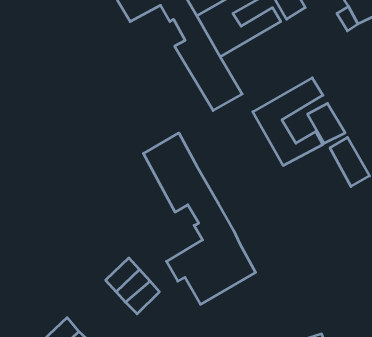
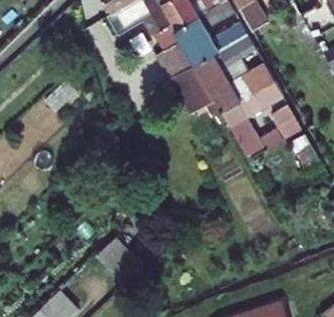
building: none -> [195,34,274,111]
building: [143,133,256,304] -> none

